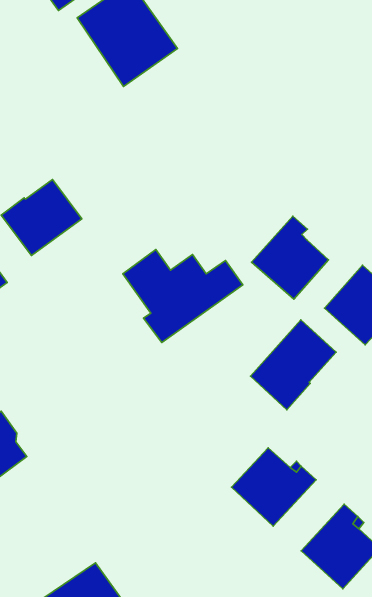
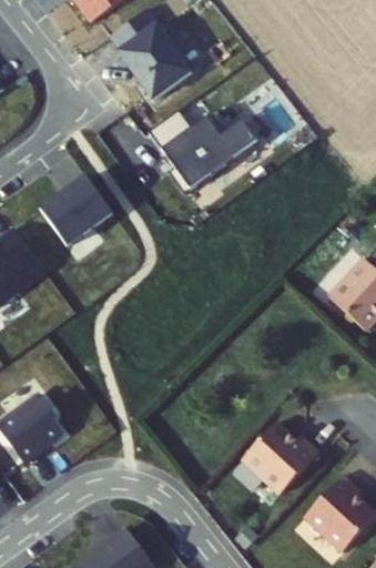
building: [252,216,328,299] -> none
building: [123,249,243,343] -> [149,111,257,195]
building: [251,320,336,410] -> none

